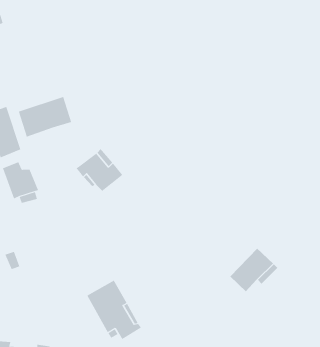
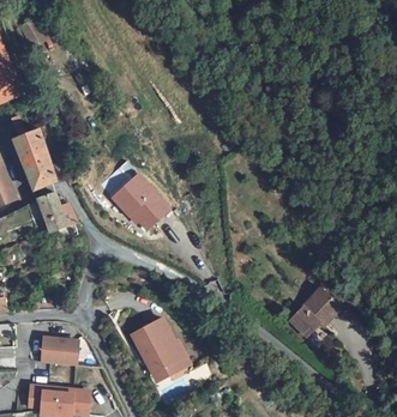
building: [18,96,72,138] -> none
building: none -> [41,338,77,365]

